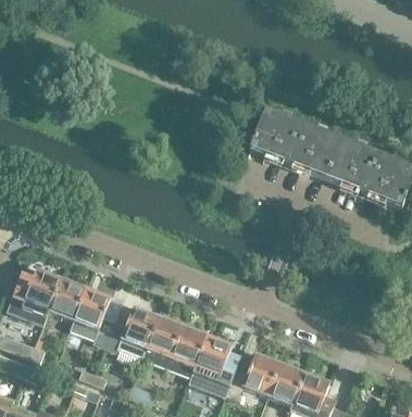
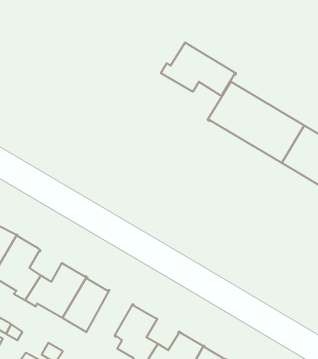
building: none -> [161,42,236,96]
building: [166,325,205,377] -> none

